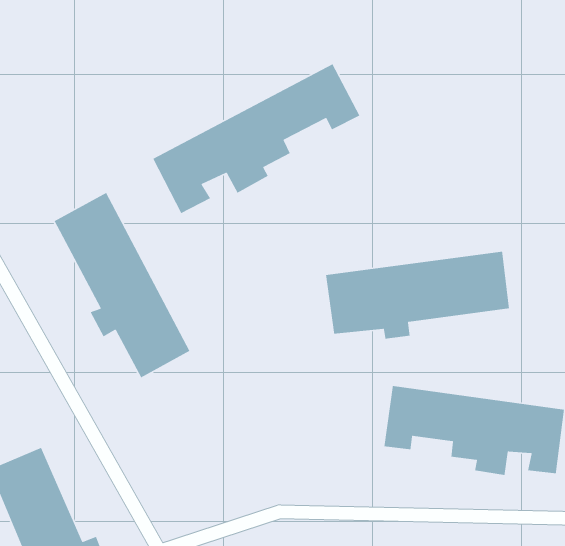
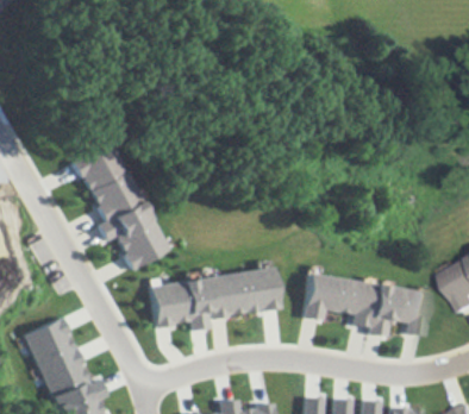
building: [152,63,360,214] -> none
building: [325,251,510,340] -> [146,268,275,330]

